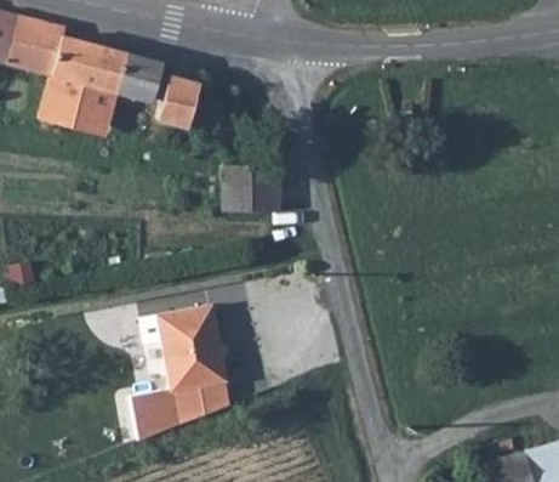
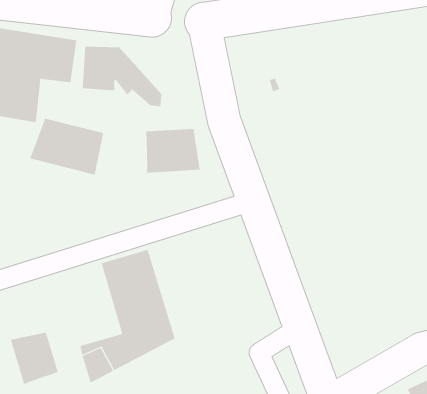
building: none -> [29,118,104,175]
building: none -> [10,332,59,385]

